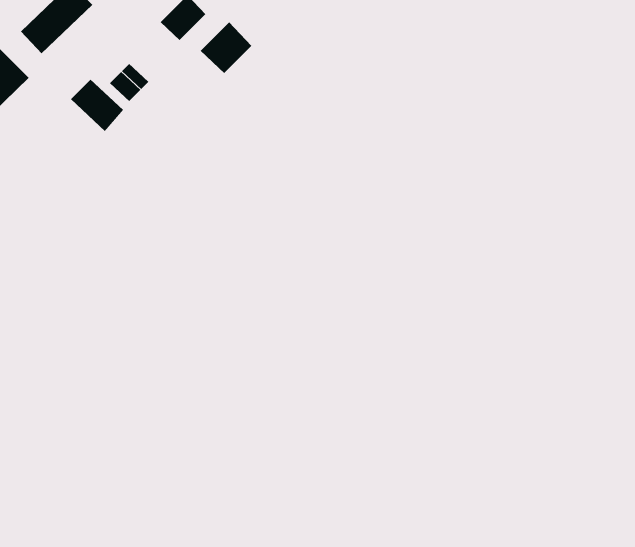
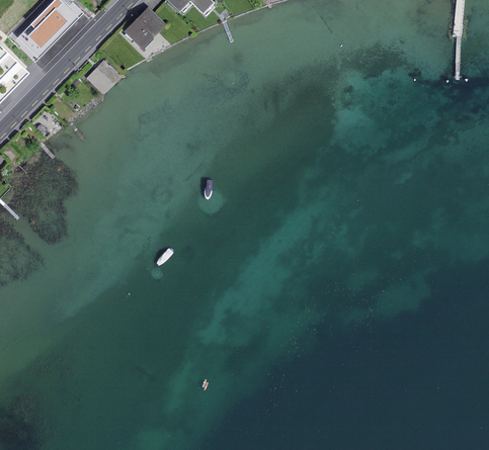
building: [200,22,252,74] -> none
building: [70,79,124,132] -> none

